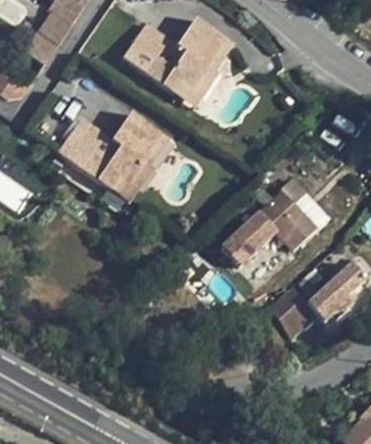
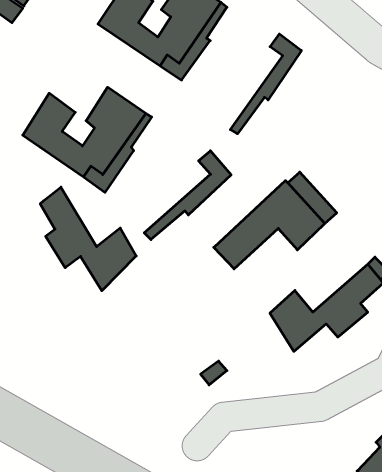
building: none -> [230,34,301,134]
building: none -> [144,151,231,240]
building: none -> [40,187,136,291]

